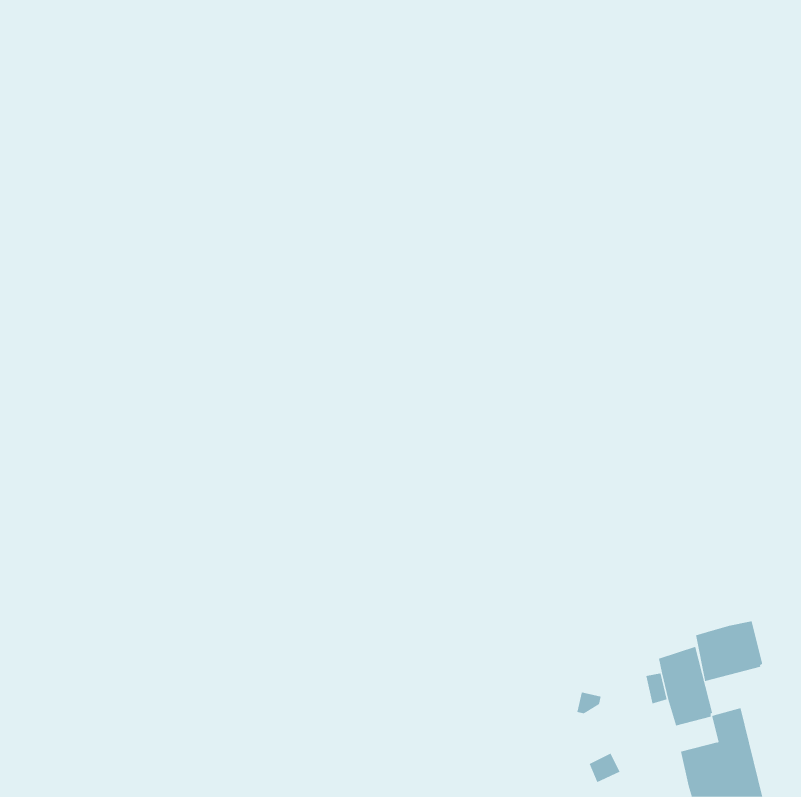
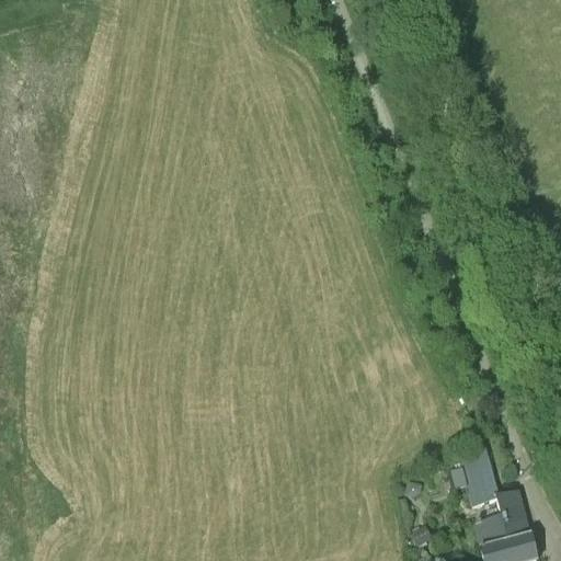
building: [695,621,763,682] -> none

